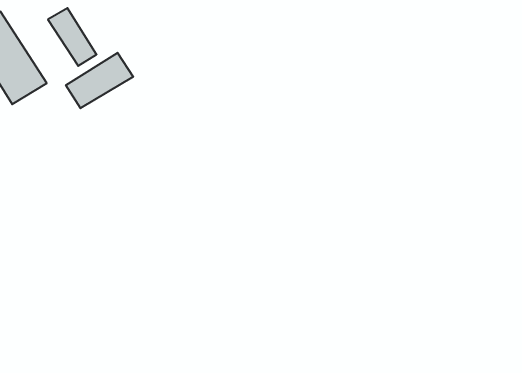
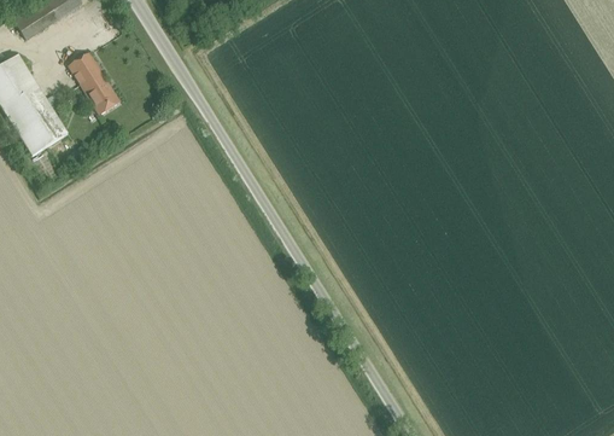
building: [66,53,133,108] -> none

